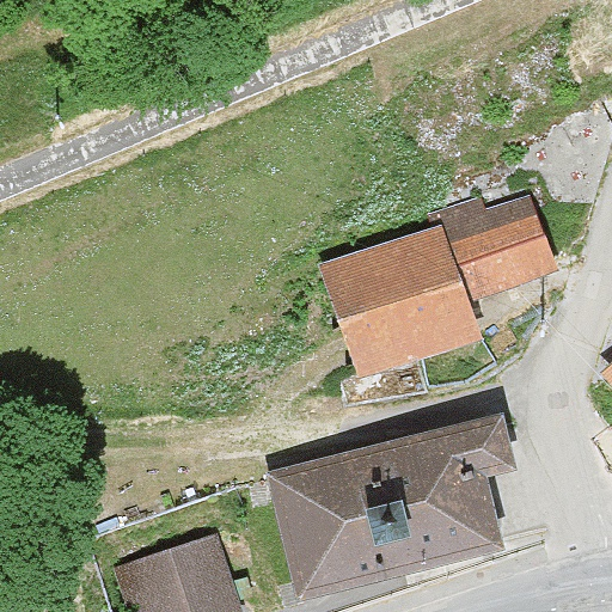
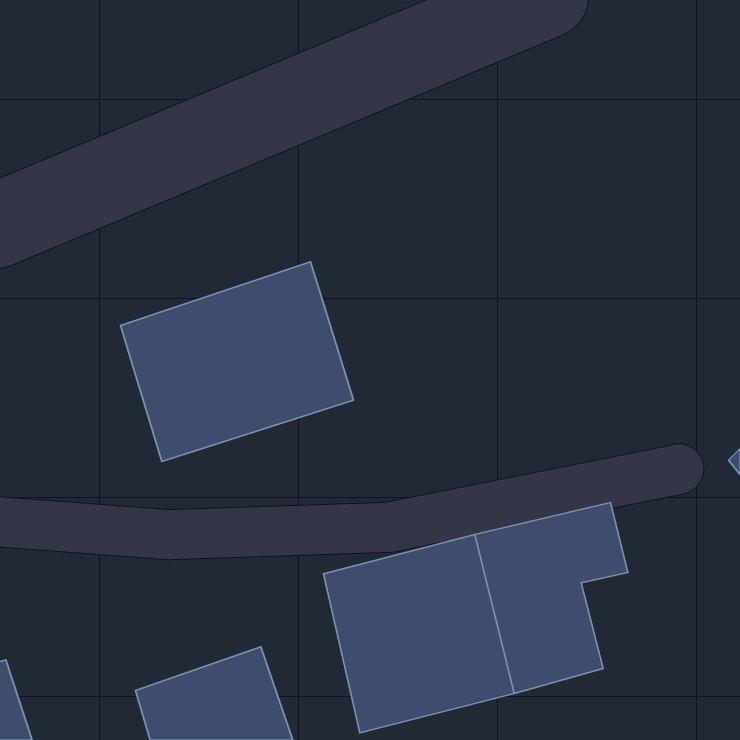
building: [331,201,552,379] -> none
building: none -> [121,262,353,462]

